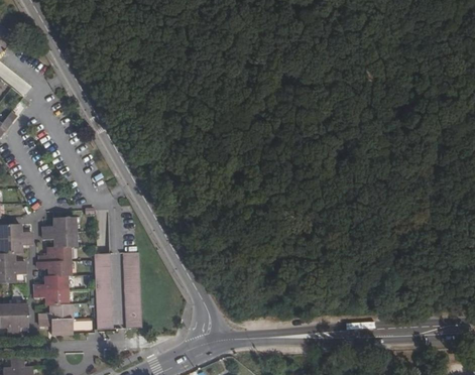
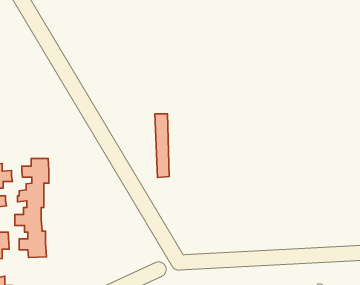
building: [124,252,141,328] -> [155,114,169,177]
building: [95,253,112,329] -> none

